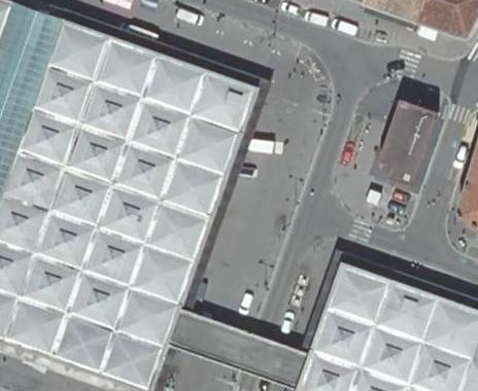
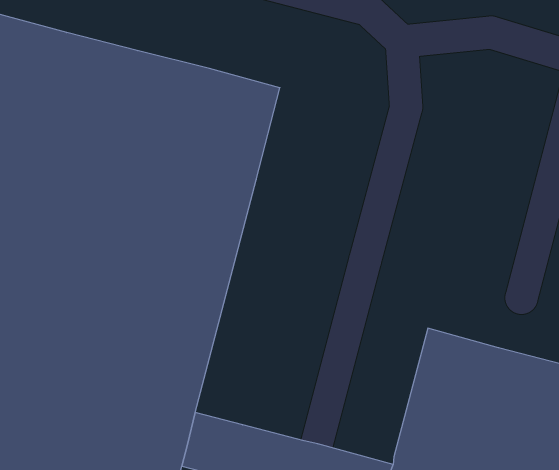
building: [379,99,437,184] -> none

